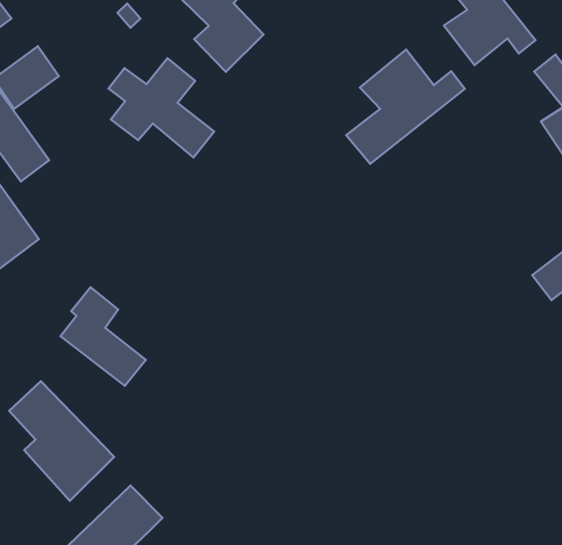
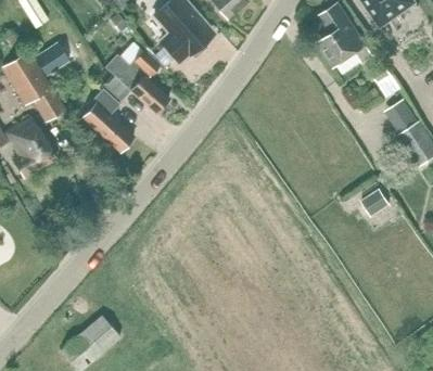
building: [346,50,465,164] -> none
building: [61,287,146,386] -> [82,88,135,151]
building: [9,381,114,501] -> none

